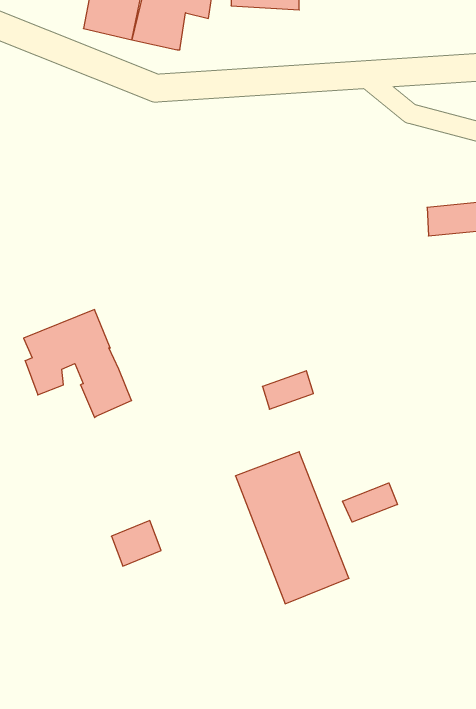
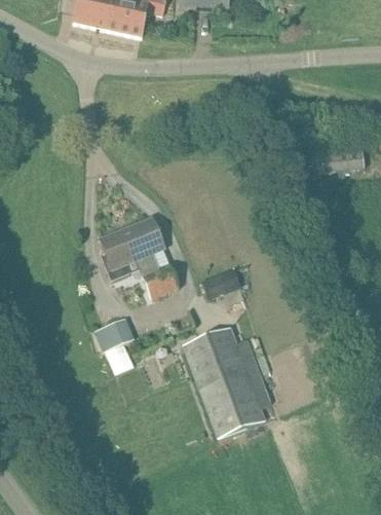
building: [24,310,132,418] -> [101,218,179,296]
building: [343,483,397,522] -> none
building: [111,521,161,566] -> [98,318,134,351]

